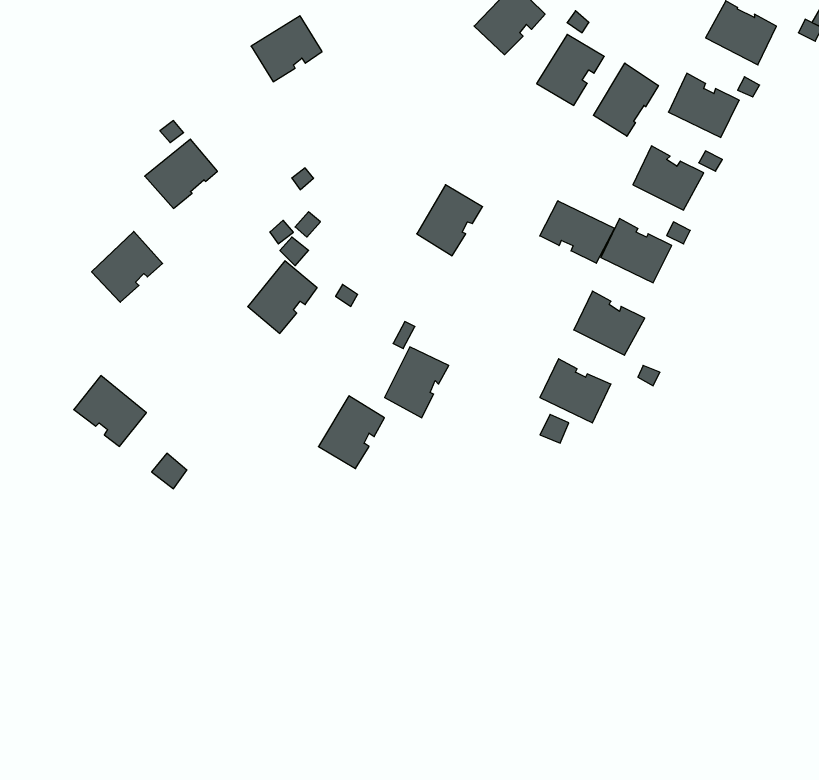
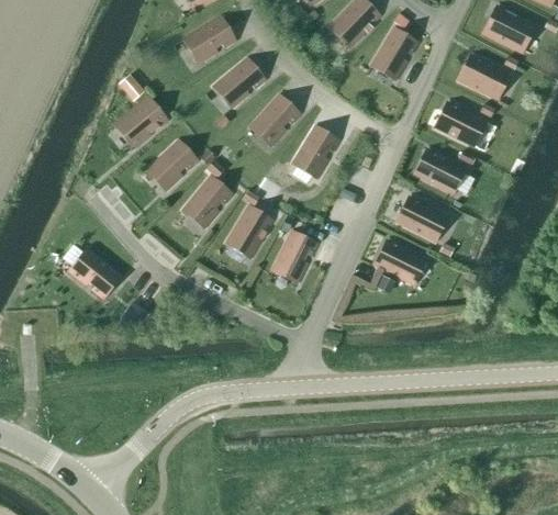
building: [593,63,658,136] -> none
building: none -> [217,58,264,103]
building: none -> [253,94,299,142]
building: [540,201,614,263] -> none
building: [92,231,163,302] -> [150,139,197,186]
building: [318,396,384,469] -> [228,205,271,253]

